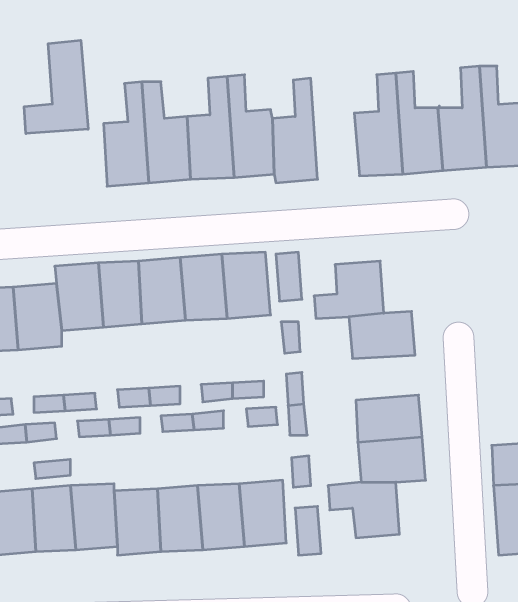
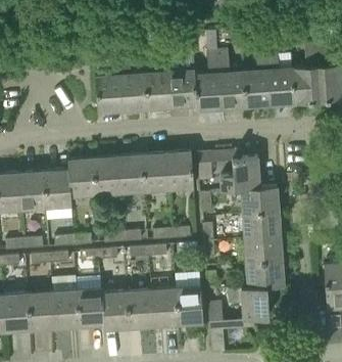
building: [24,40,88,134] -> none
building: none -> [217,49,246,108]
building: none -> [242,212,281,238]

